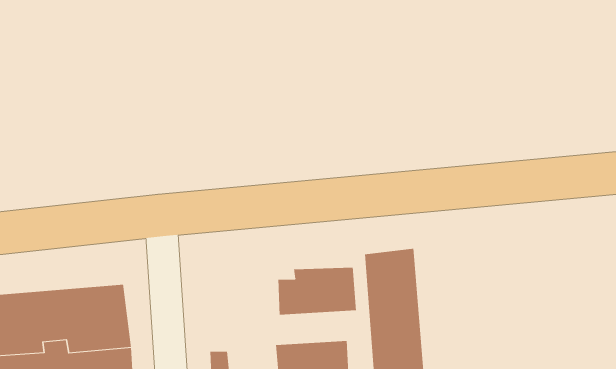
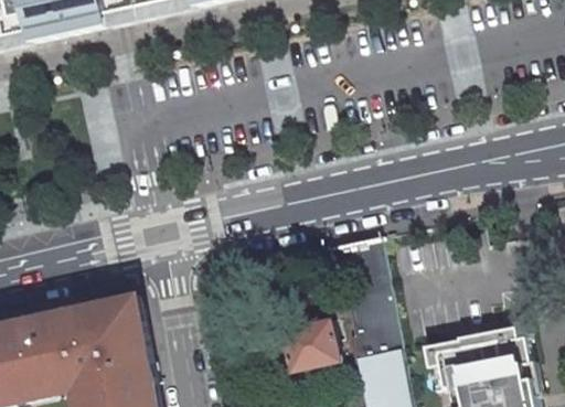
building: [278,267,356,316] -> none

